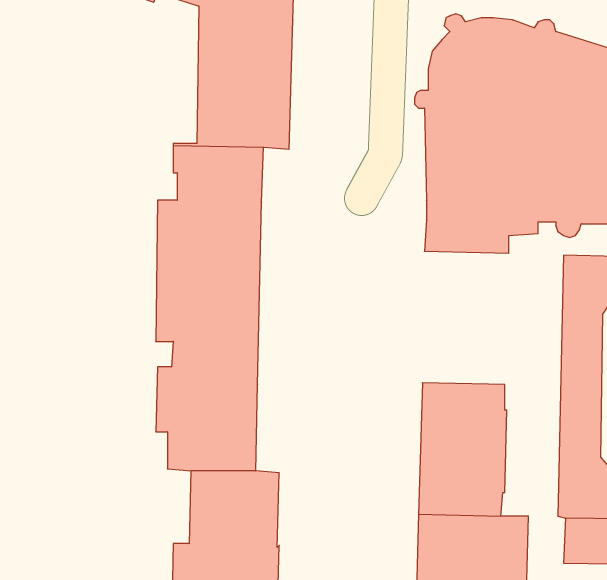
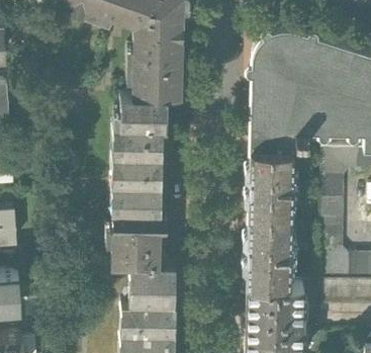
building: none -> [249,153,294,222]

